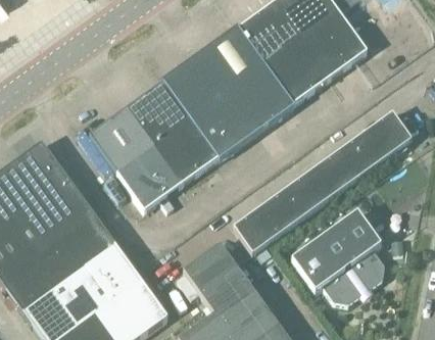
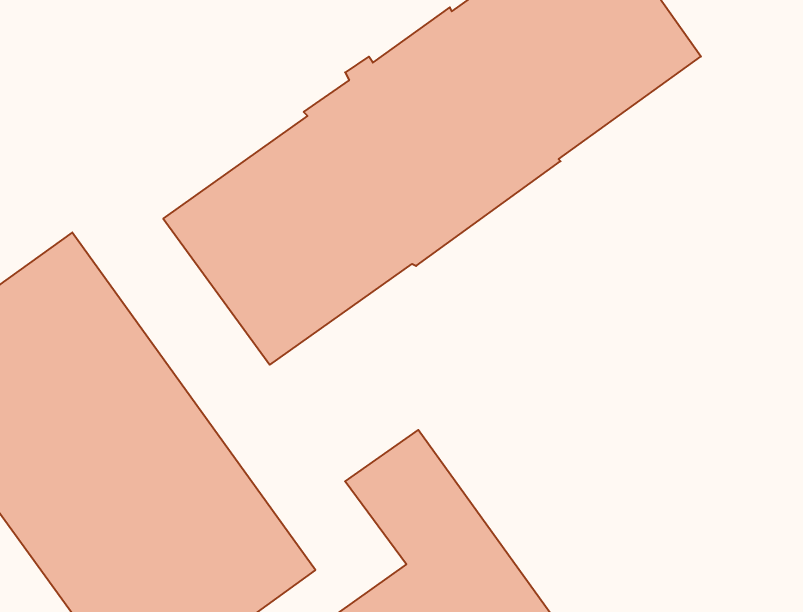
building: [233,110,412,251] -> none
building: [291,208,385,301] -> none

